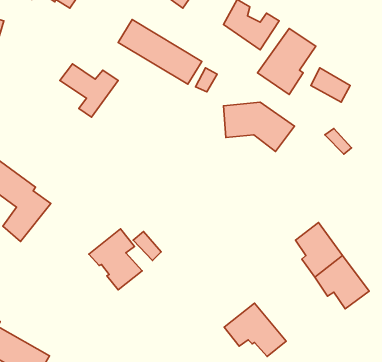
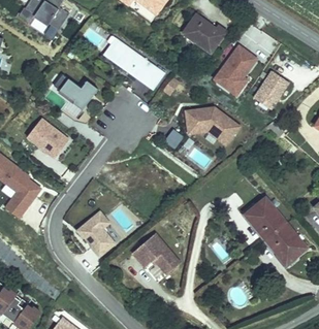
building: none -> [25,114,71,158]
building: [224,303,286,356] -> [124,231,174,274]

